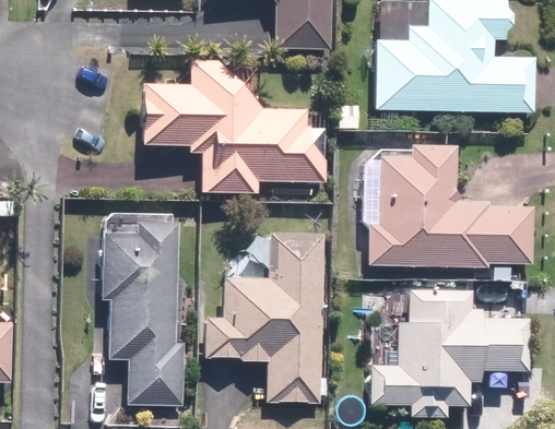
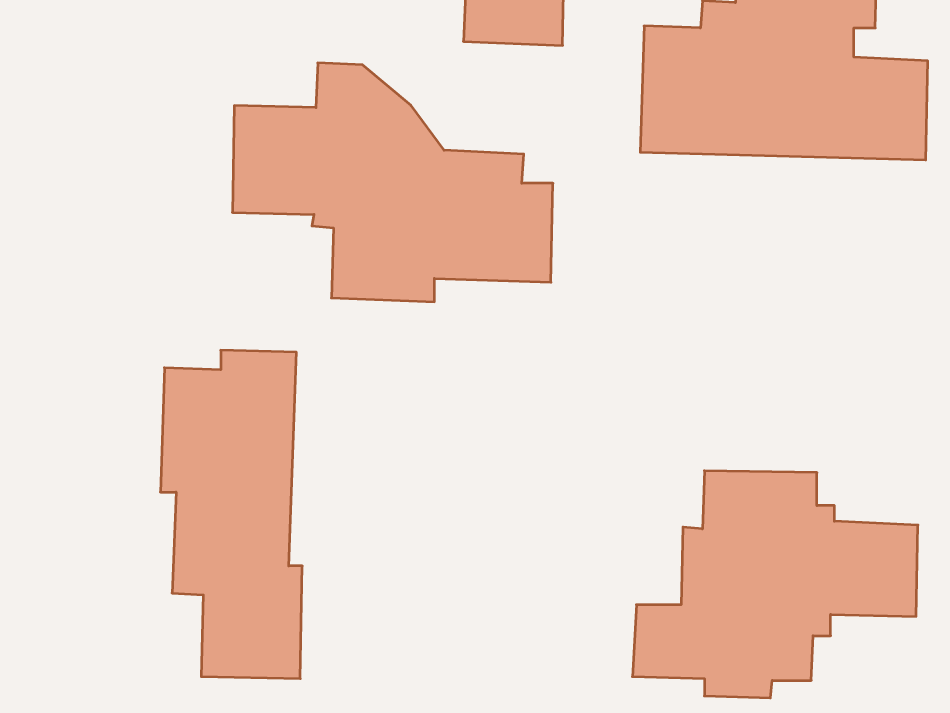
building: [368,143,534,267] -> none
building: [205,231,326,403] -> none

